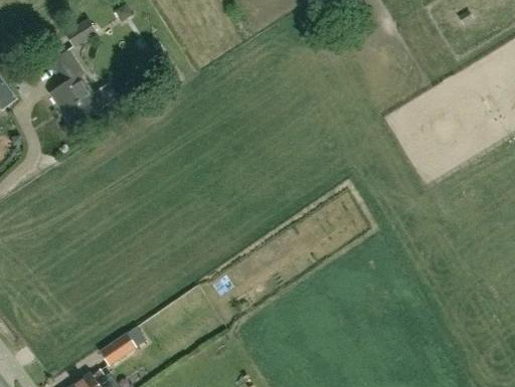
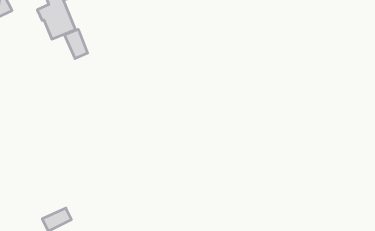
building: none -> [64,29,88,59]

